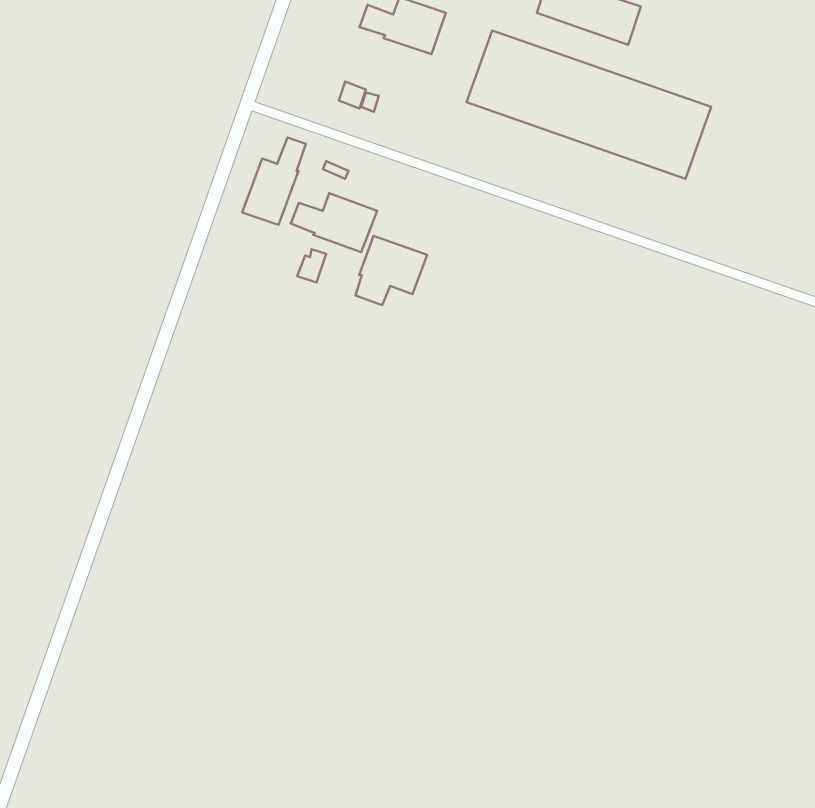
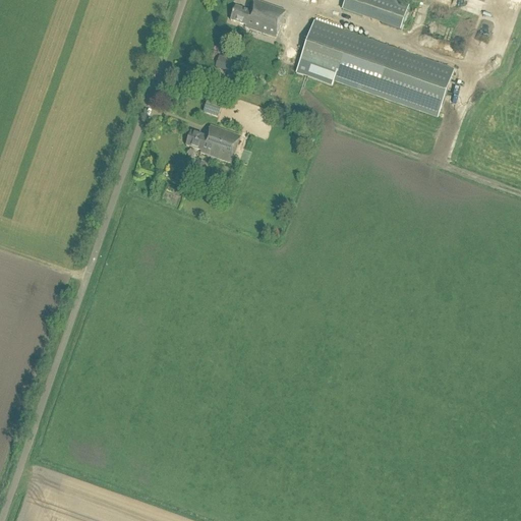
building: [242,137,306,225] -> none
building: [355,236,427,305] -> none

